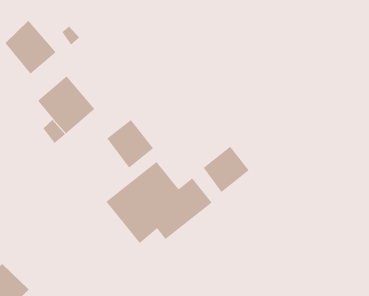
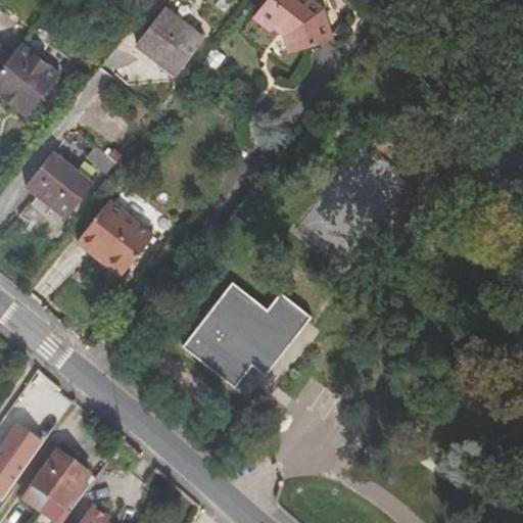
building: [107,119,154,168] -> none
building: [203,146,250,193] -> none

